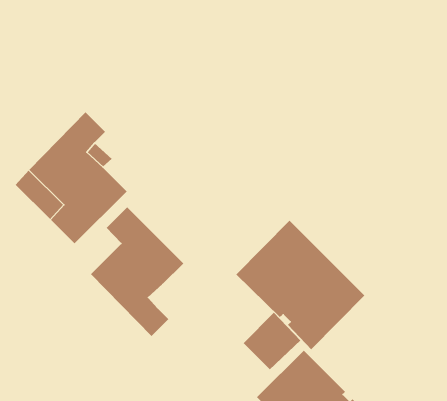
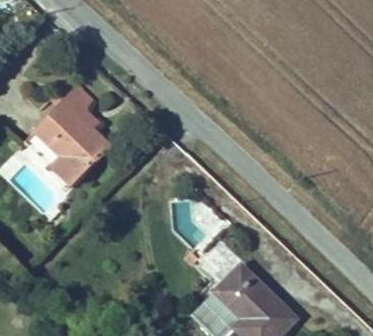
building: [90,207,184,337] -> none
building: [236,220,365,350] -> none

